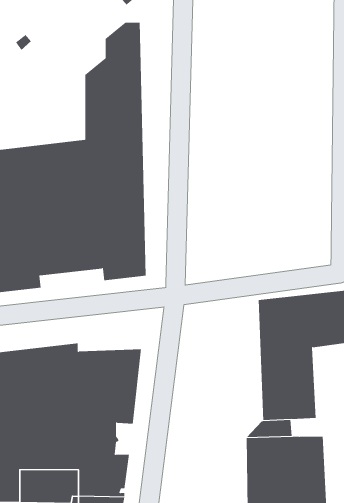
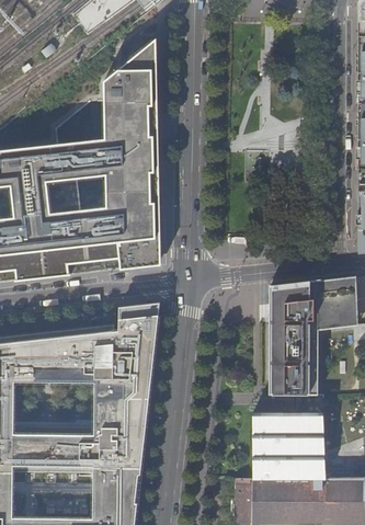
building: none -> [99,304,160,334]

